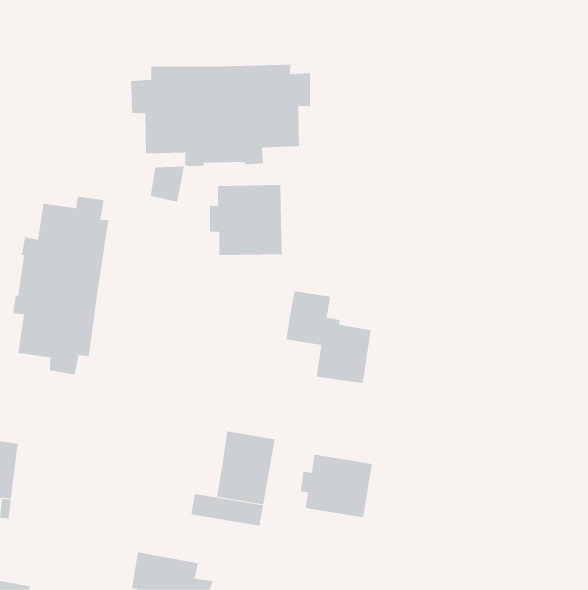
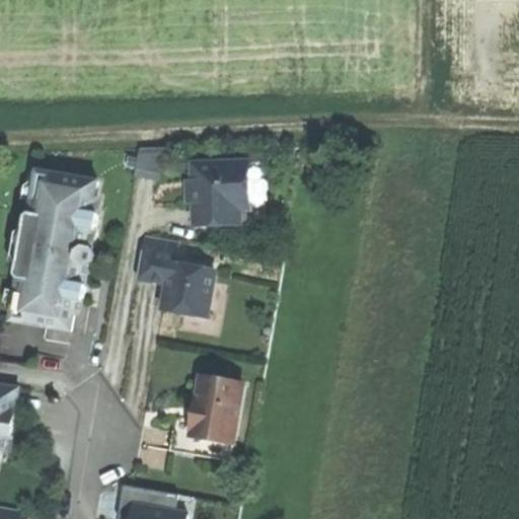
building: [130,64,311,167] -> none
building: [286,291,372,384] -> [135,235,210,316]
building: [300,454,372,518] -> none

